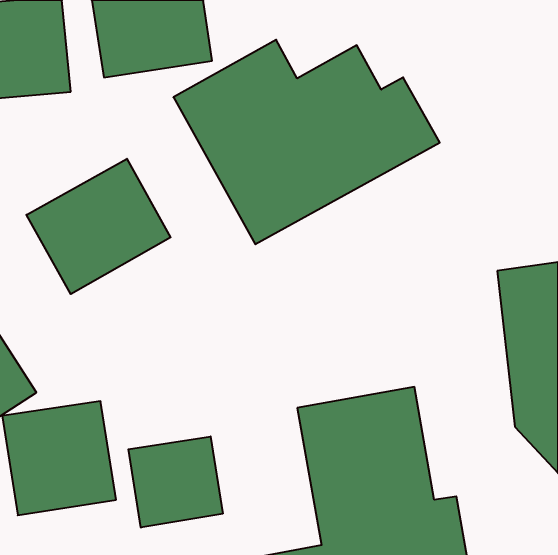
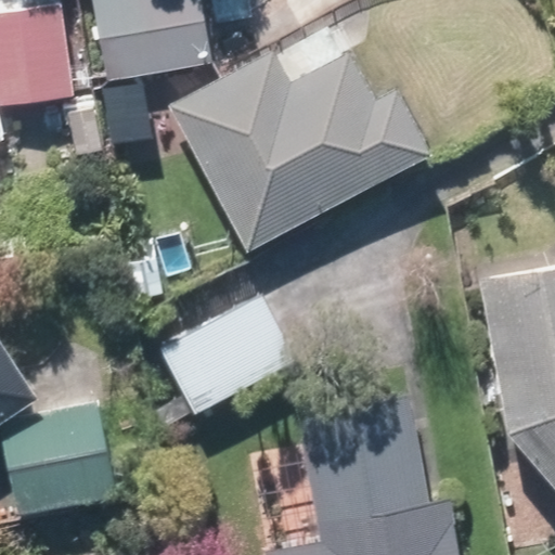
building: [26,159,171,294] -> none
building: none -> [153,301,299,421]
building: [128,436,223,528] -> none

